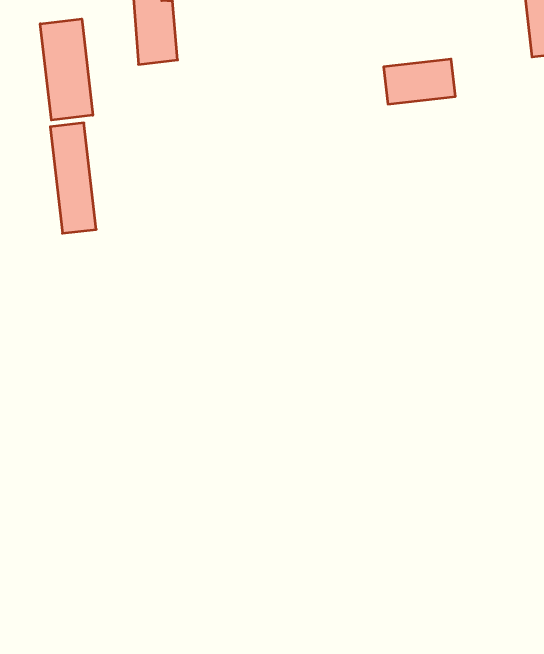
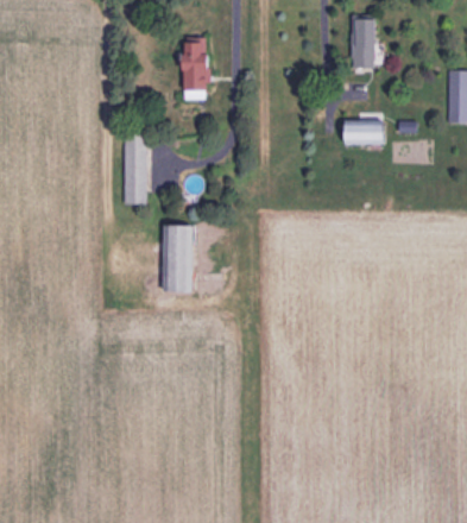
building: [40,19,93,120] -> none
building: none -> [164,225,194,292]

